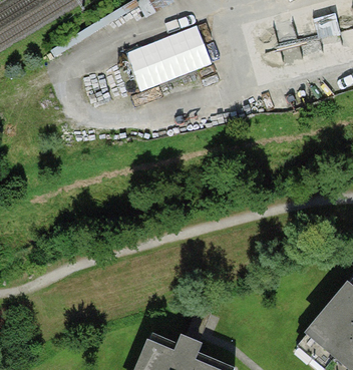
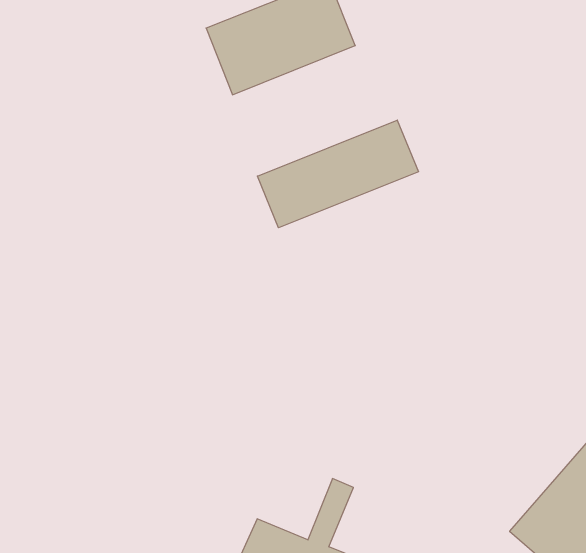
building: none -> [257,120,418,228]

